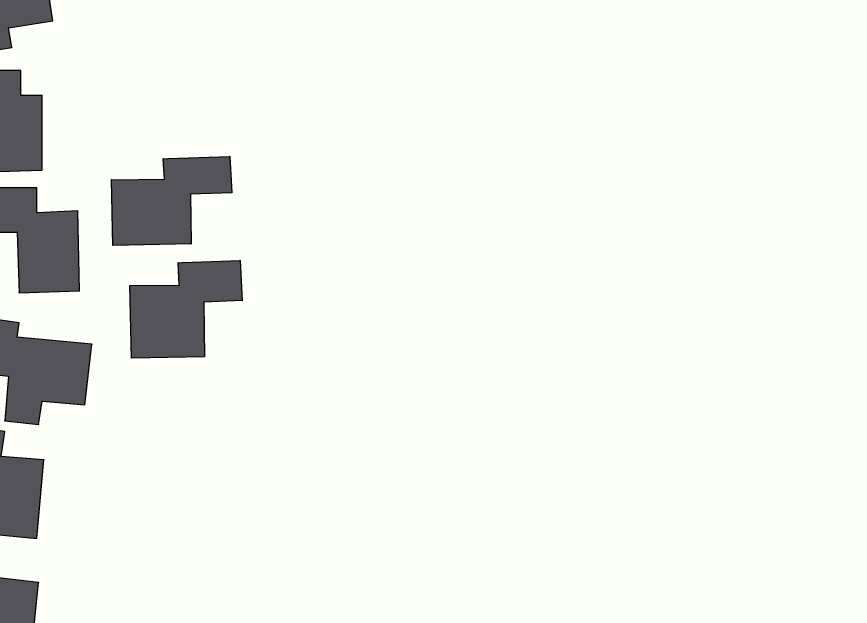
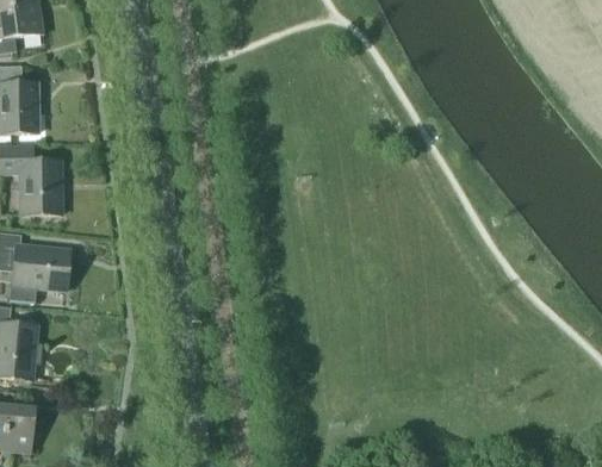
building: [111,156,232,245] -> none
building: [130,260,242,358] -> none

